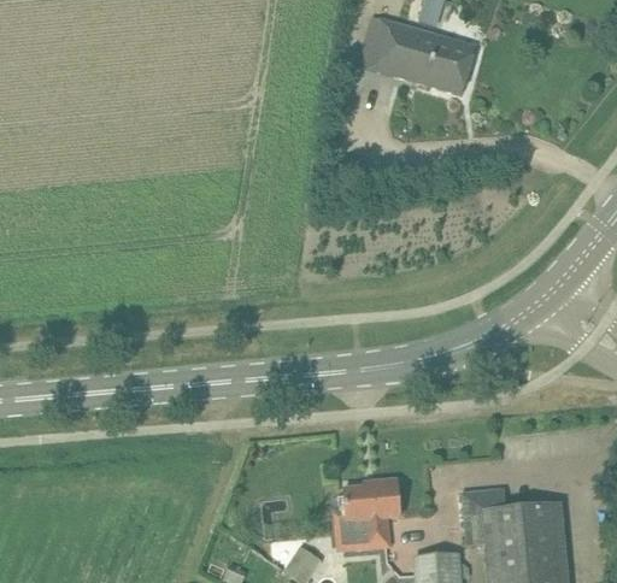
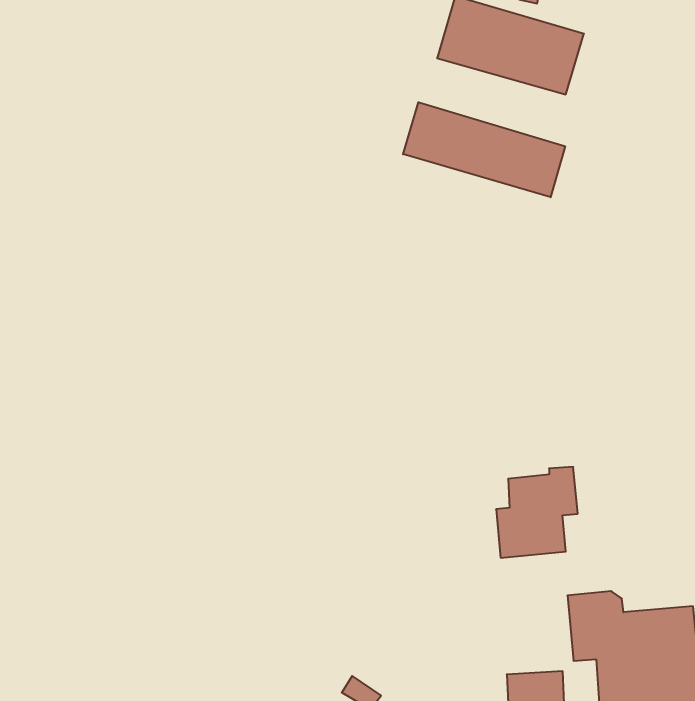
building: none -> [403,102,565,197]
building: [335,478,400,550] -> [496,467,578,558]

